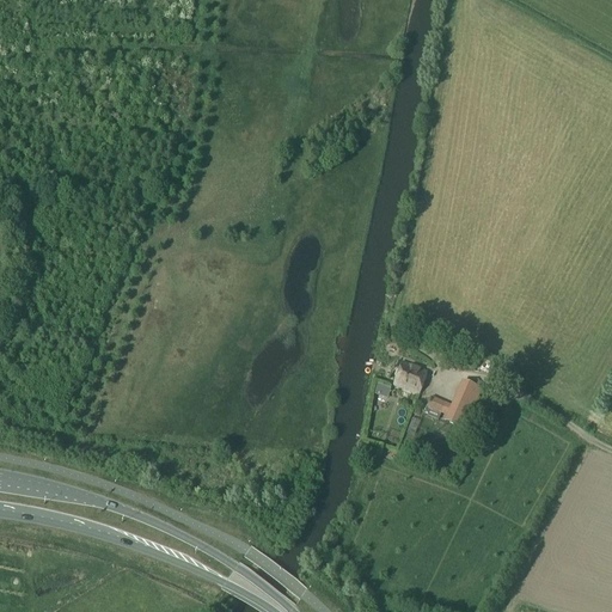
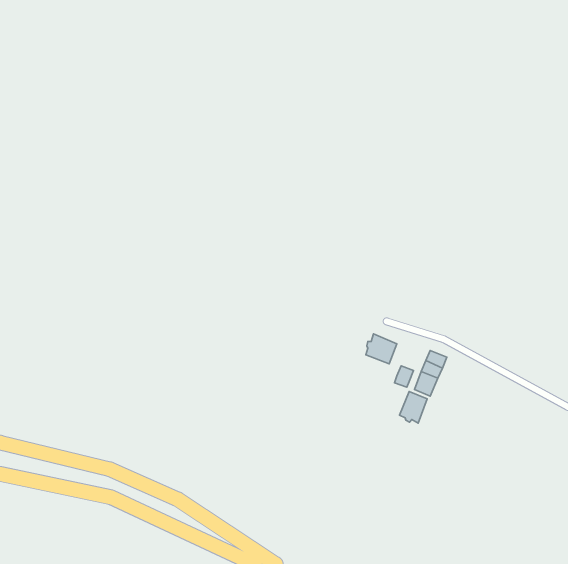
building: none -> [399,391,427,423]

